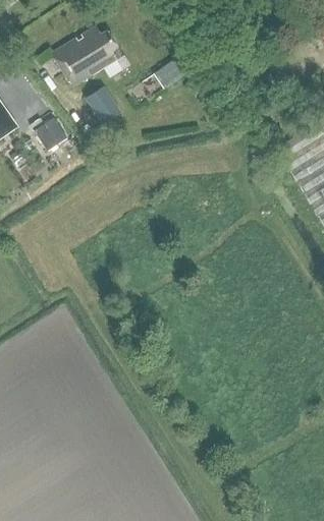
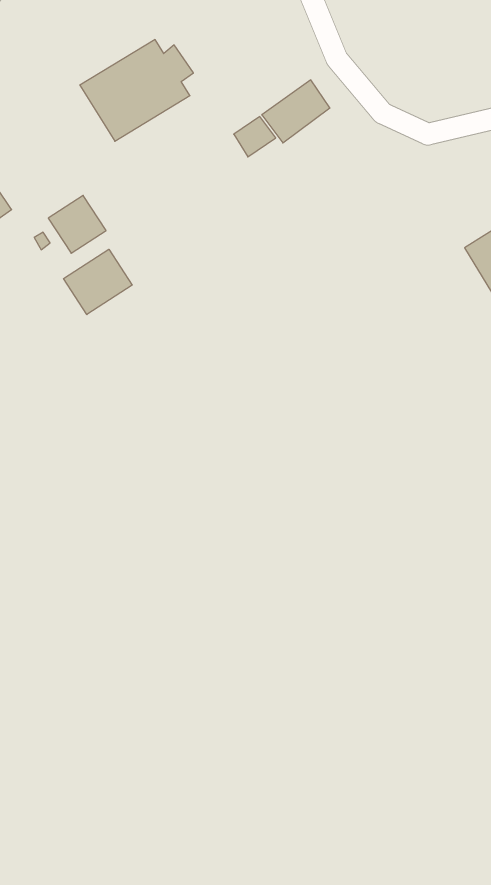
building: [86,85,121,124] -> none
building: none -> [64,249,132,315]

